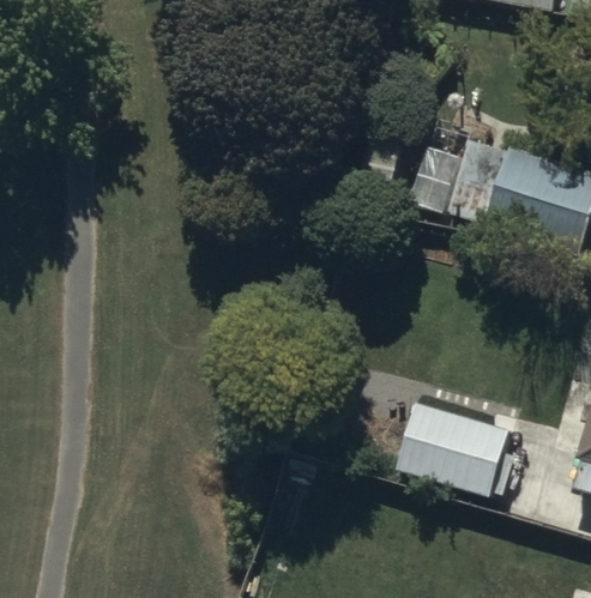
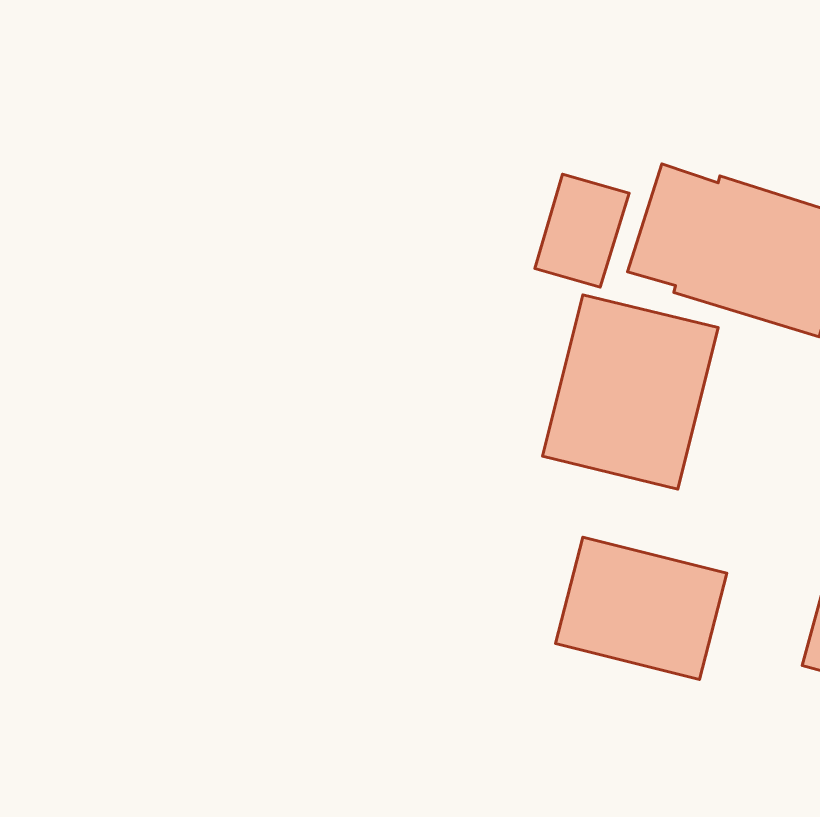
building: none -> [542,295,718,489]

